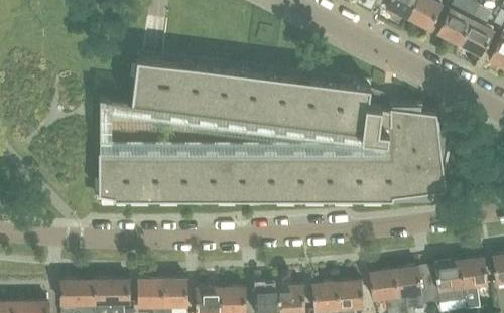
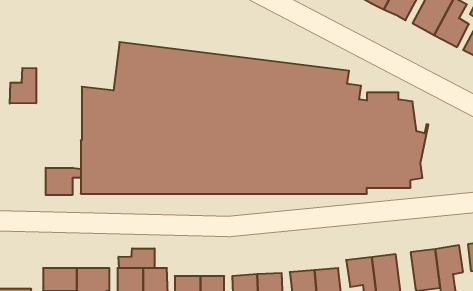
building: none -> [10,68,36,104]
building: none -> [46,168,81,195]
building: none -> [119,248,155,268]

